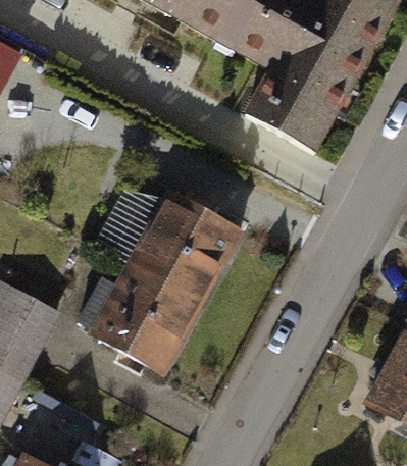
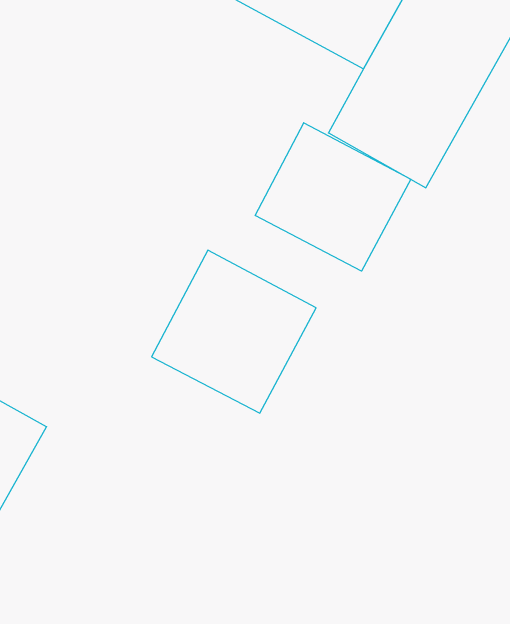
building: none -> [255,123,411,271]
building: [91,263,201,373] -> none

